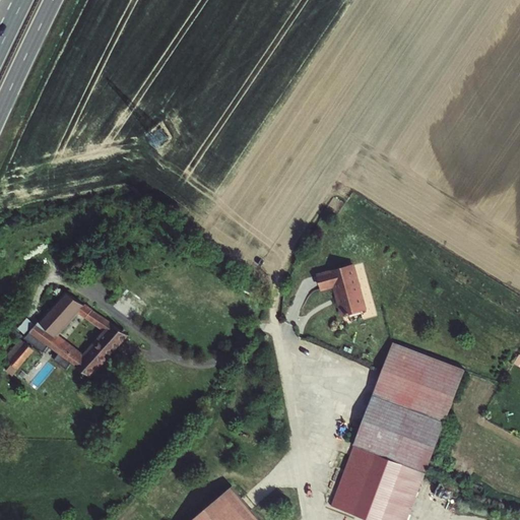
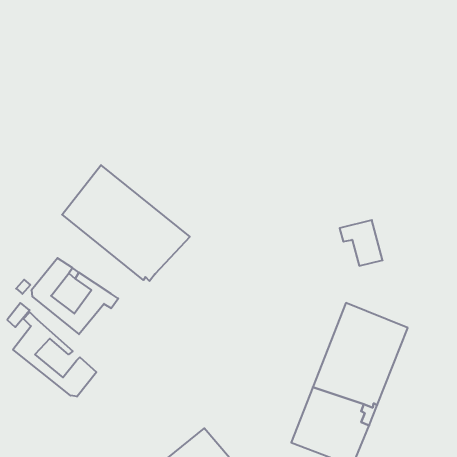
building: none -> [62,165,190,281]
building: [318,267,367,319] -> [340,220,383,266]
building: none -> [13,312,96,397]

